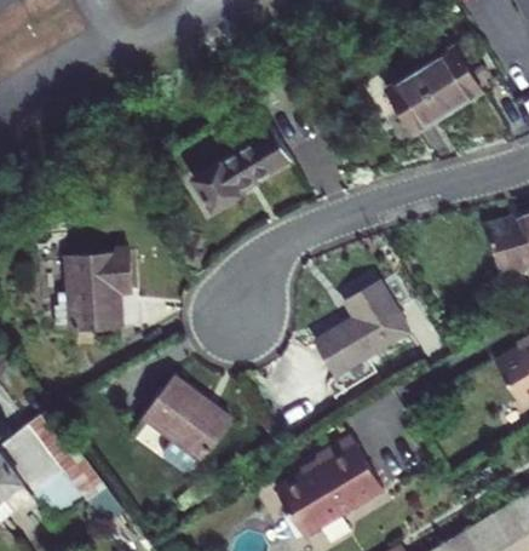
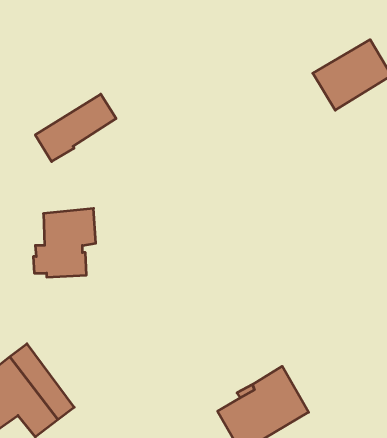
building: [194,131,289,211] -> [35,94,116,162]
building: [315,285,407,390] -> none
building: [145,378,230,470] -> none

